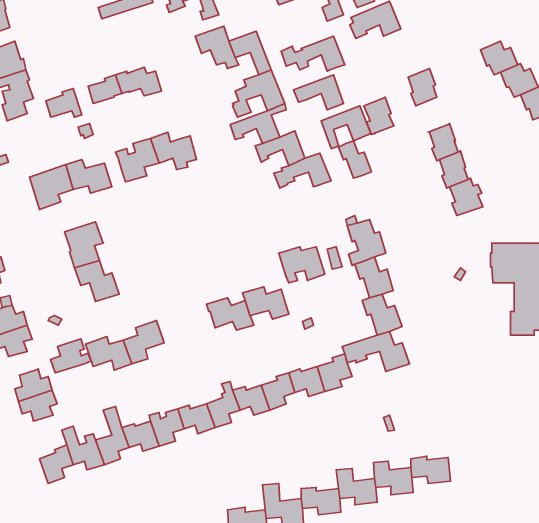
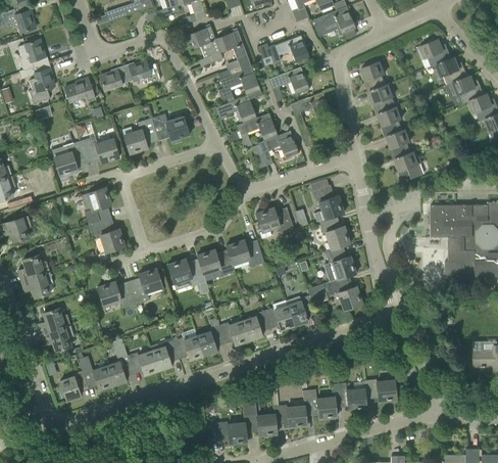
building: [364,97,394,135] -> [369,84,394,114]
building: [339,141,371,178] -> none
building: none -> [167,259,208,294]
building: [51,339,91,373] -> none

